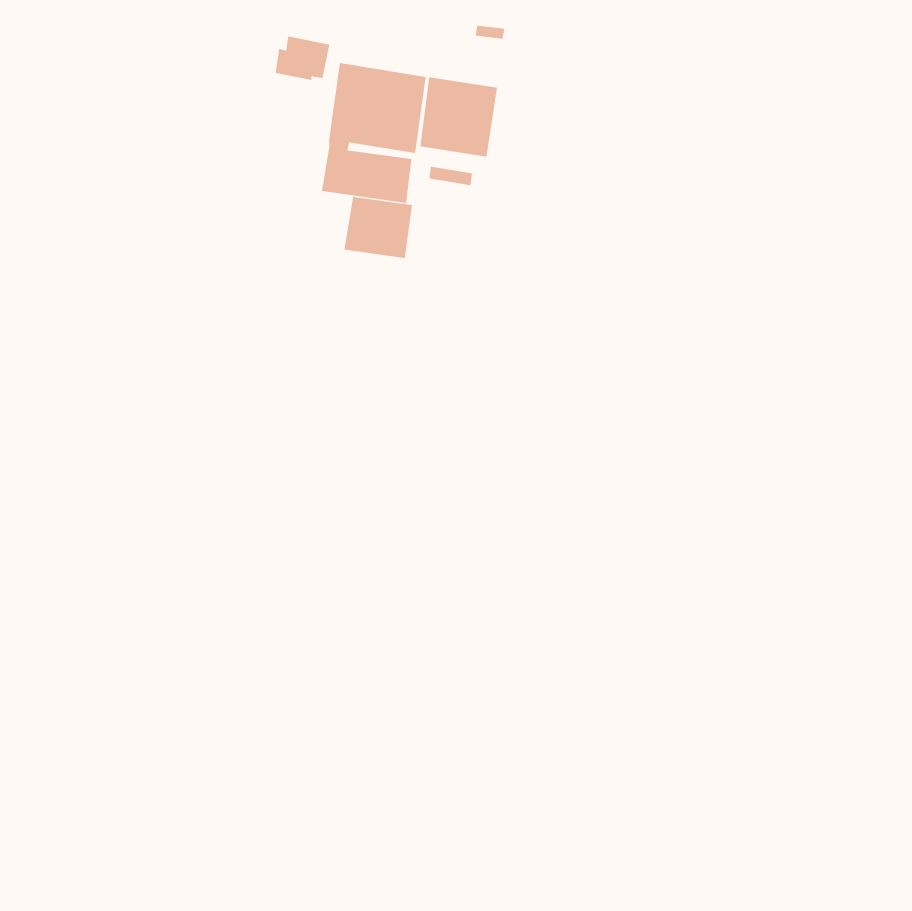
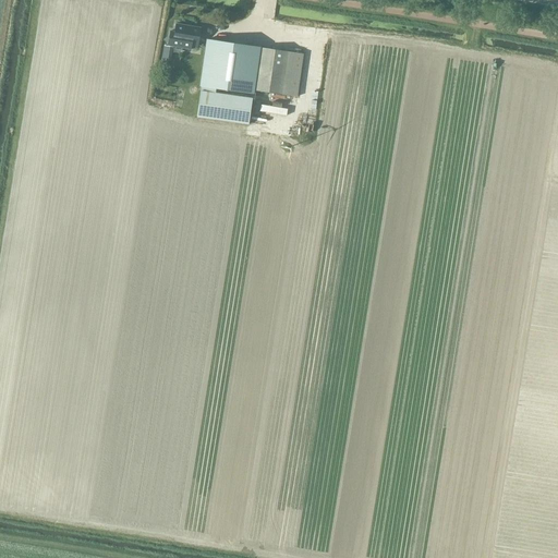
building: [344,196,413,259] -> none

